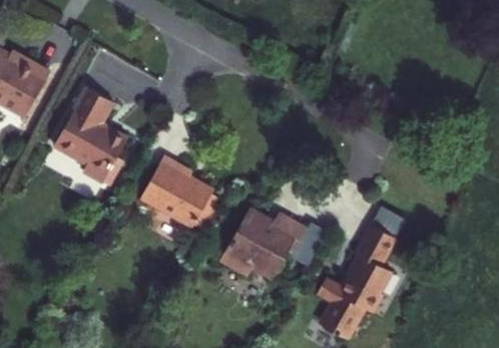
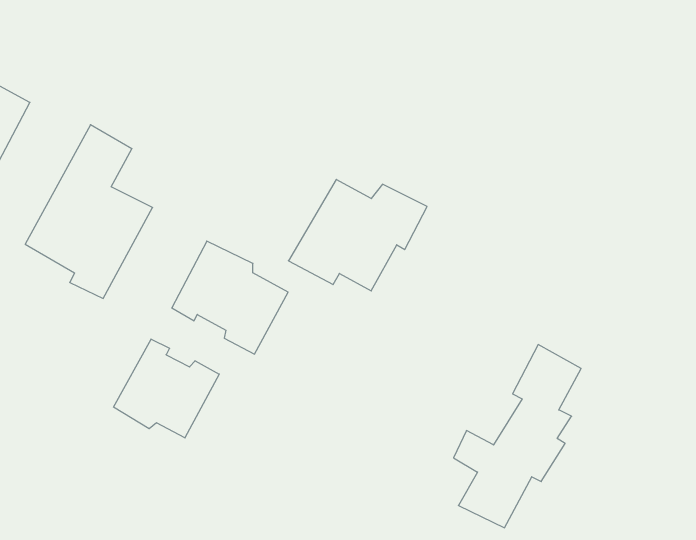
building: [221,209,309,279] -> [288,179,427,291]
building: none -> [114,339,219,438]

